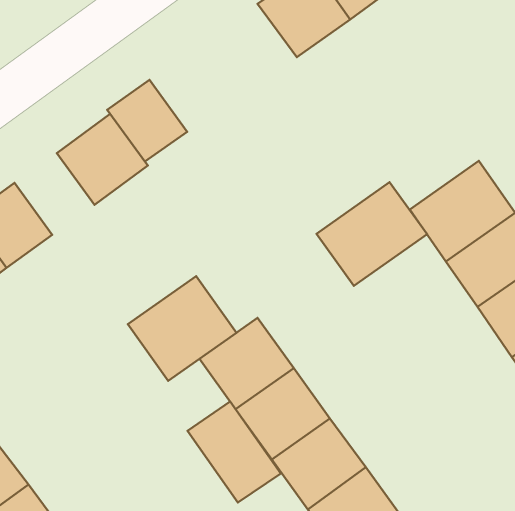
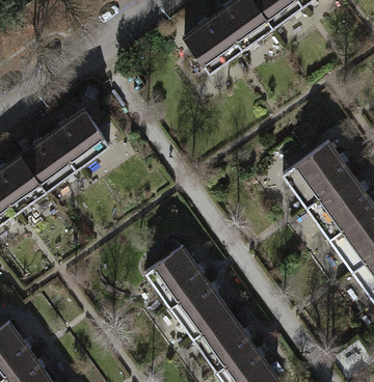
building: [107,80,187,162] -> [22,135,75,189]
building: [316,182,427,286] -> none
building: [128,276,236,381] -> none
building: [187,402,281,503] -> none

